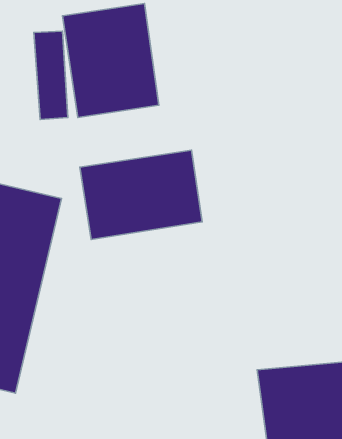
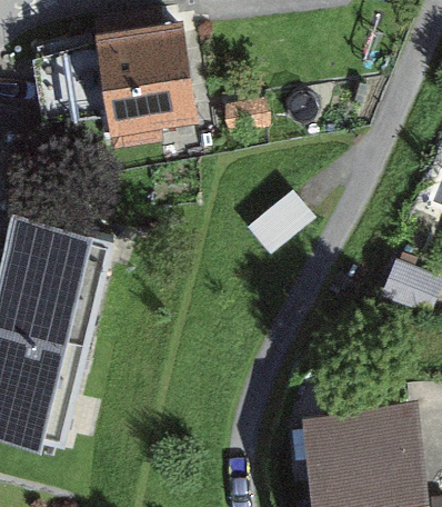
building: [80,150,202,240] -> none

